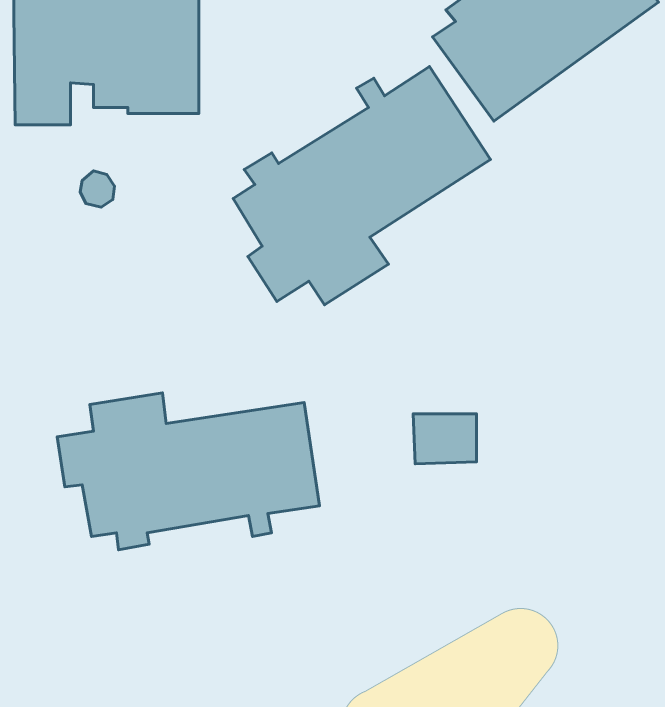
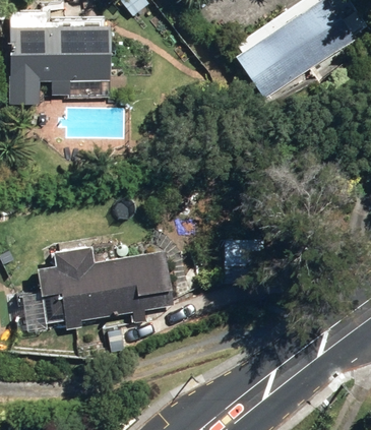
building: [233,67,490,305] -> none

